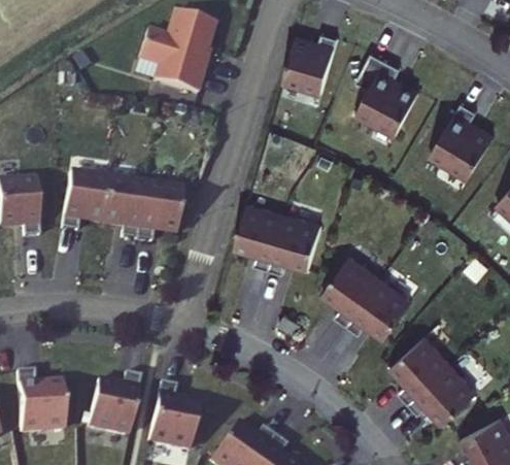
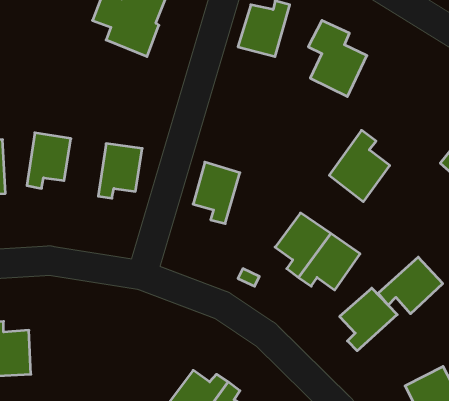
building: [429,104,492,179] -> [329,130,390,202]
building: [101,179,145,240] -> none
building: [271,215,324,274] -> none
building: [410,365,478,425] -> [378,257,443,314]
building: [90,373,141,433] -> none
building: [149,383,200,447] -> none

